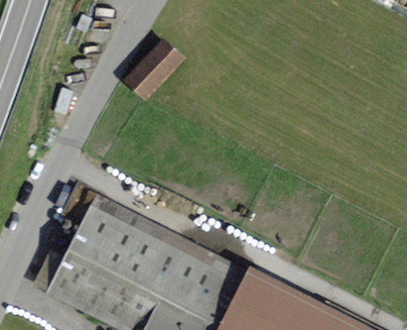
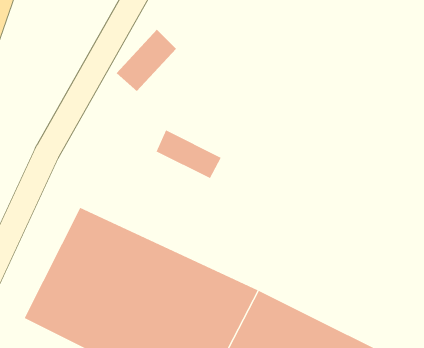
building: none -> [156,130,222,179]

